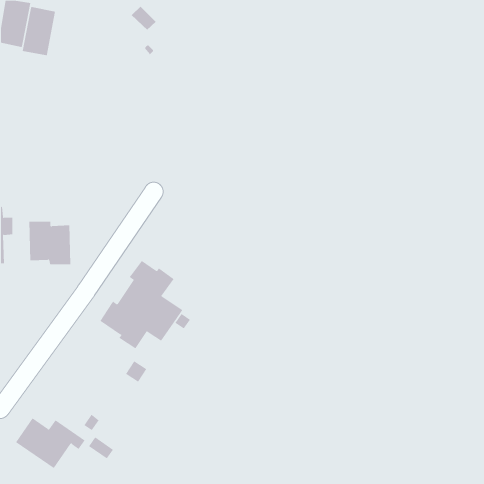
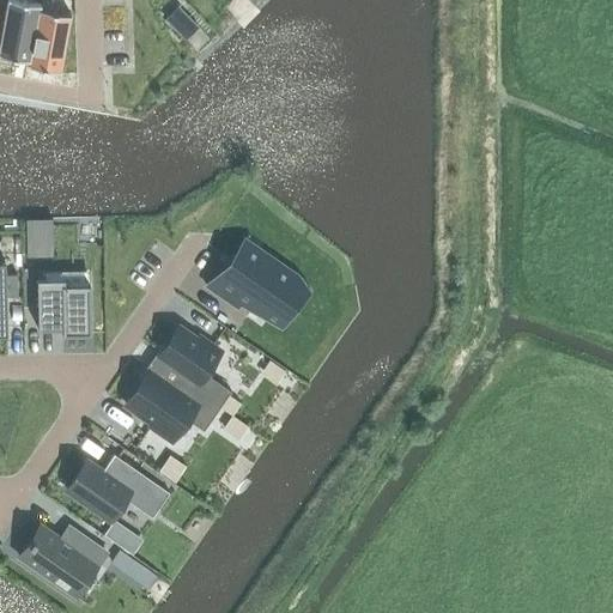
building: none -> [206,242,311,326]
building: none -> [67,456,170,521]

